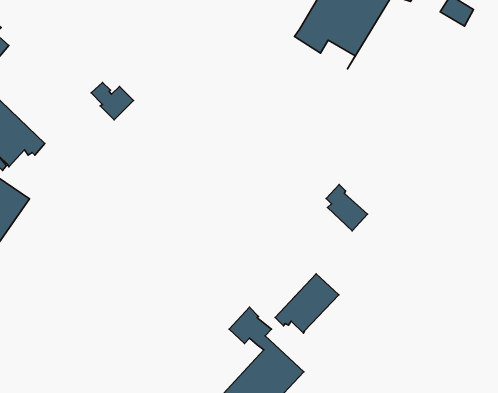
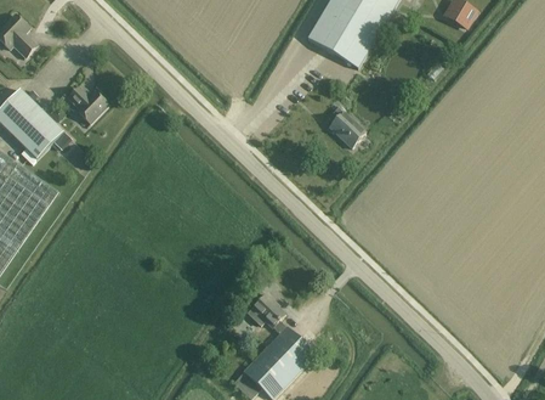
building: [91,83,134,120] -> [69,89,109,124]
building: [326,184,368,231] -> [327,105,365,148]
building: [275,274,339,333] -> none

